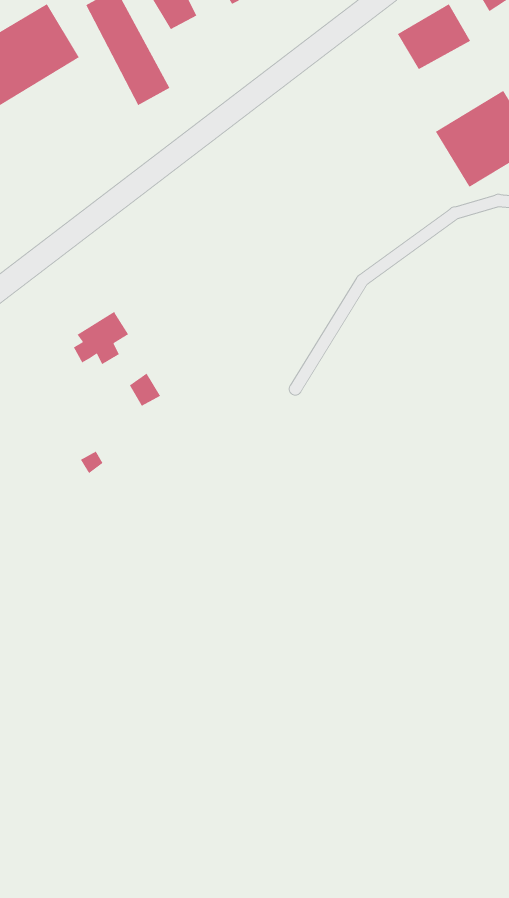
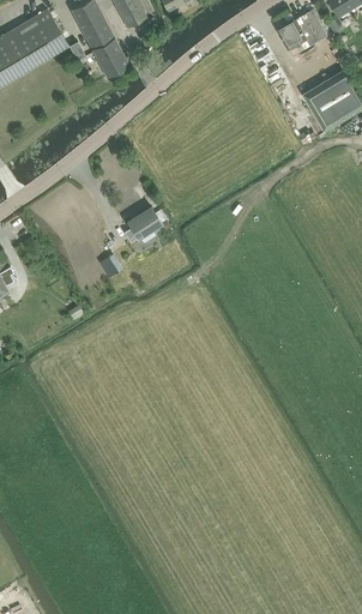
building: [73,311,129,365] -> [123,206,161,242]

